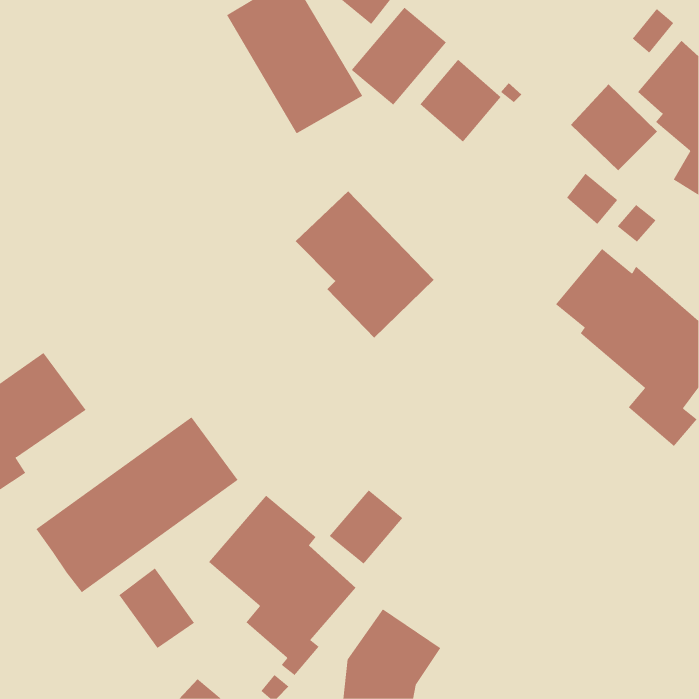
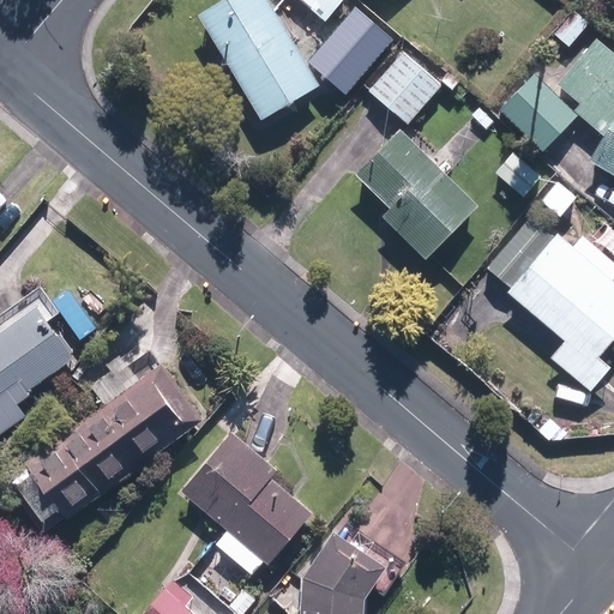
building: [295,191,435,339] -> [354,130,476,259]
building: [329,490,403,564] -> none
building: [118,568,195,649] -> none

